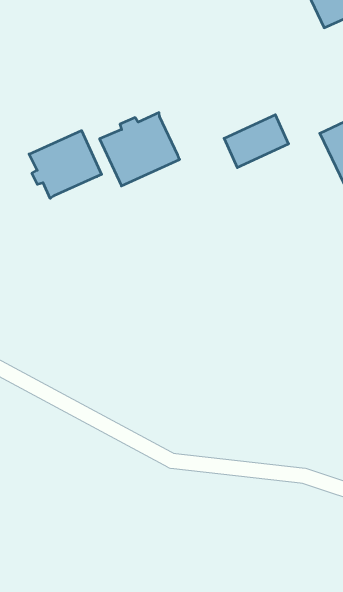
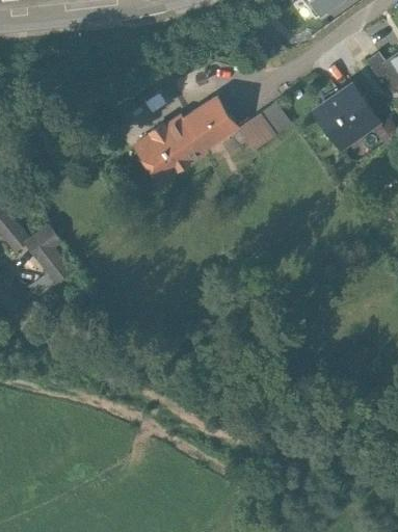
building: none -> [182,96,237,148]
building: [29,131,102,198] -> none

